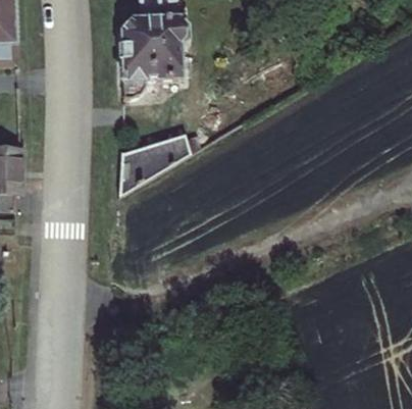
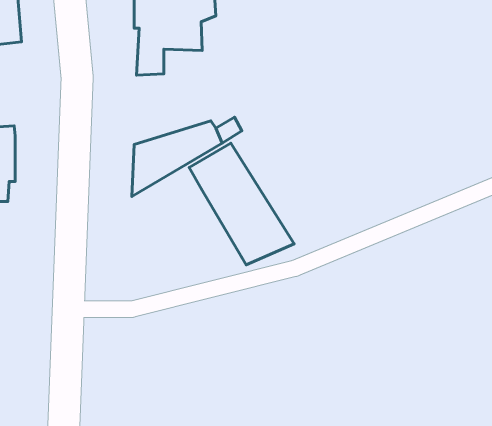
building: none -> [189,143,294,265]

